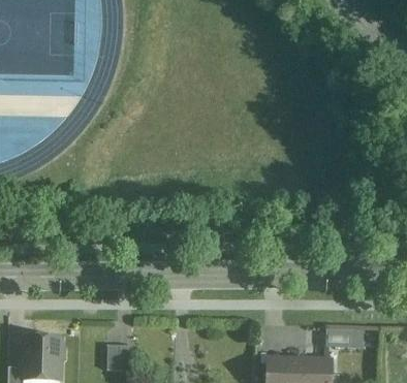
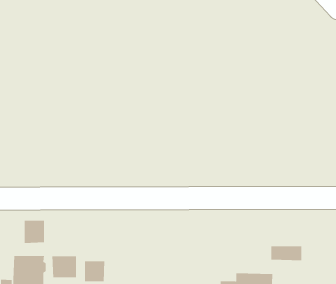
building: none -> [24,220,44,244]
building: none -> [52,255,76,278]

